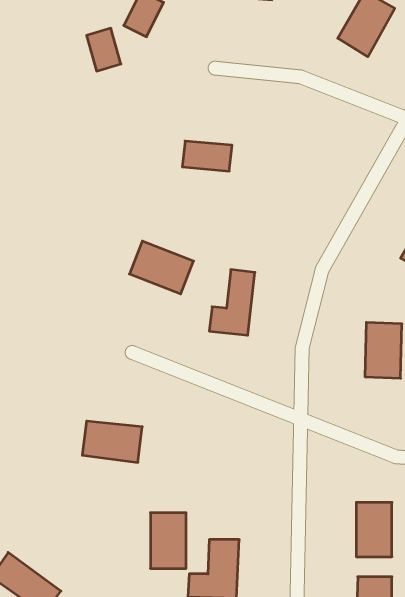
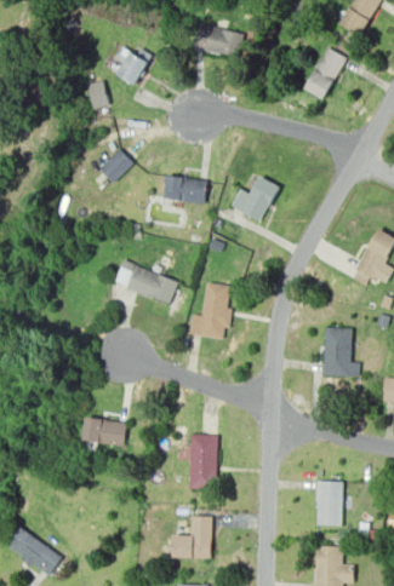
building: none -> [98,145,136,183]
building: none -> [230,174,278,219]
building: [150,513,186,568] -> [188,441,218,488]

